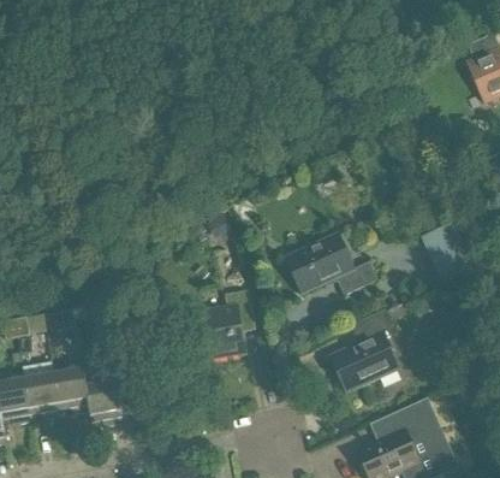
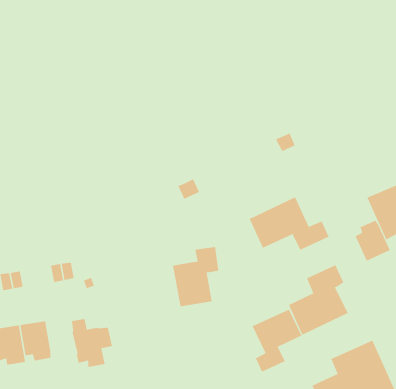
building: none -> [355,220,390,262]
building: none -> [252,309,302,373]
building: [55,370,90,414] -> none

